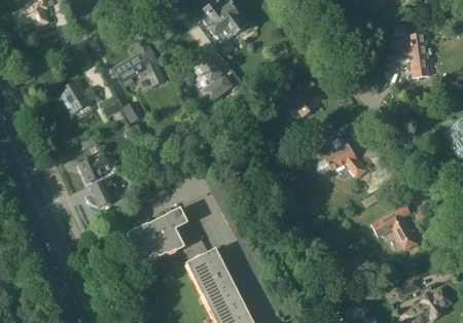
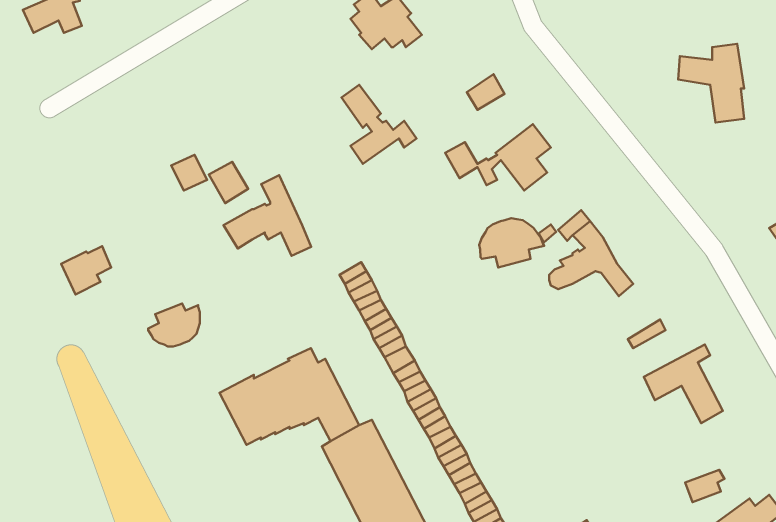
building: [114,39,165,85] -> [224,175,311,256]
building: [60,79,97,113] -> none
building: none -> [479,218,544,267]
building: [80,153,109,181] -> [61,246,111,294]

